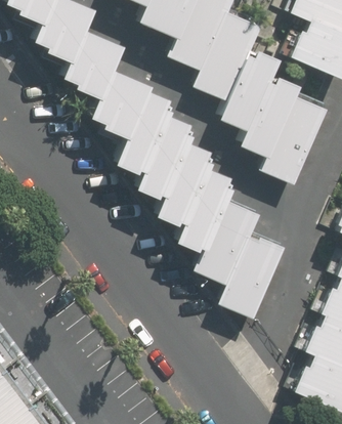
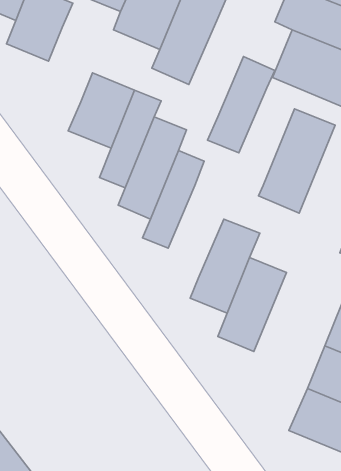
building: [190,19,254,107] -> none
building: [63,28,122,93] -> none
building: [233,81,293,167] -> none
building: [173,167,233,249] -> none

